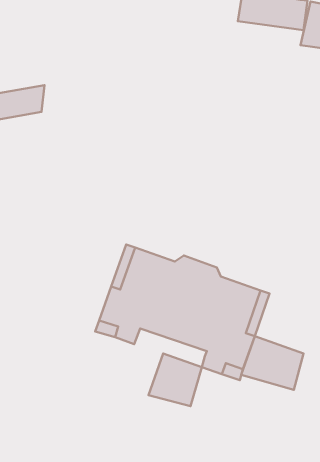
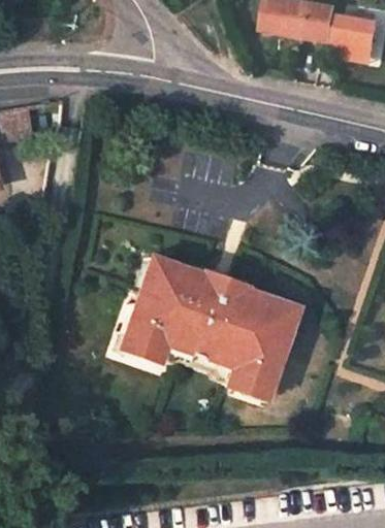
building: [241,336,303,390] -> none
building: [148,354,202,406] -> none

